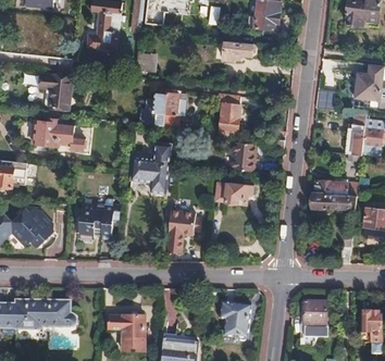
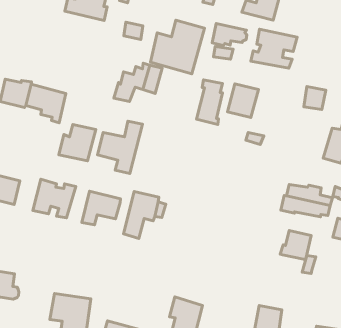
building: none -> [251,29,297,68]
building: none -> [150,20,204,74]
building: [40,74,74,112] -> none
building: [229,141,256,171] -> [227,84,258,117]
building: none -> [59,124,96,161]
building: [214,182,251,203] -> none
building: none -> [82,191,120,225]
building: none -> [280,231,311,259]

